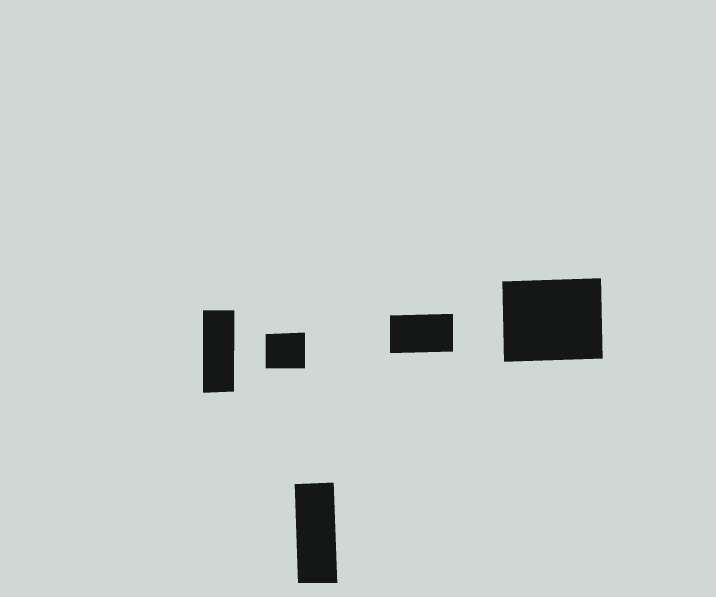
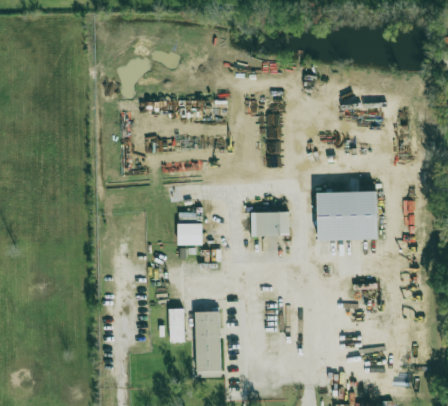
building: [202,310,235,393] -> none
building: none -> [169,308,184,342]

